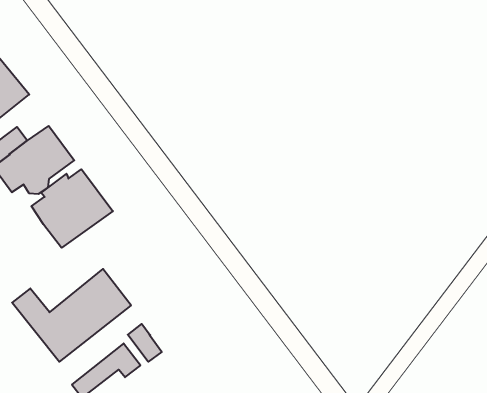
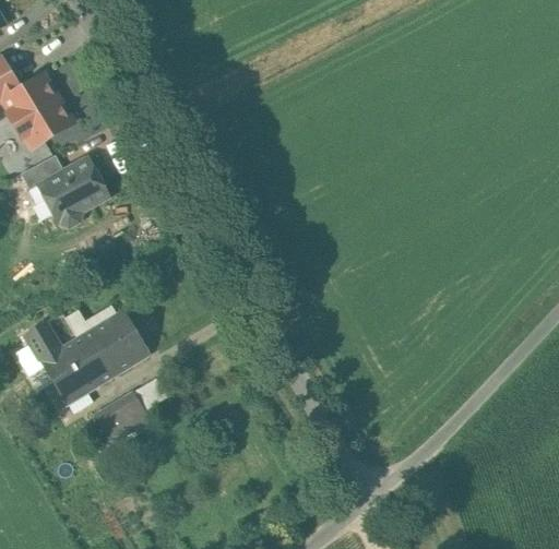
building: [31,169,113,248] -> none
building: [128,324,162,362] -> none

